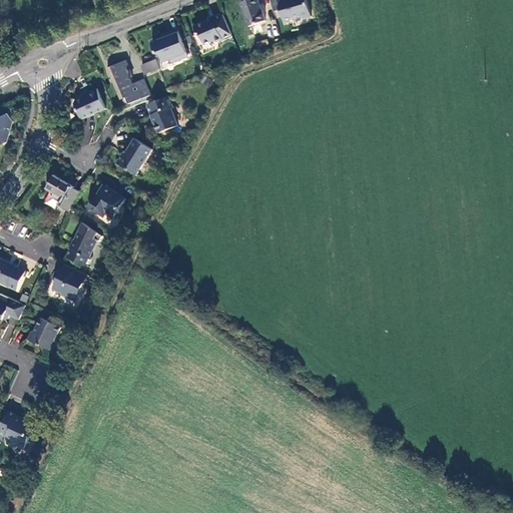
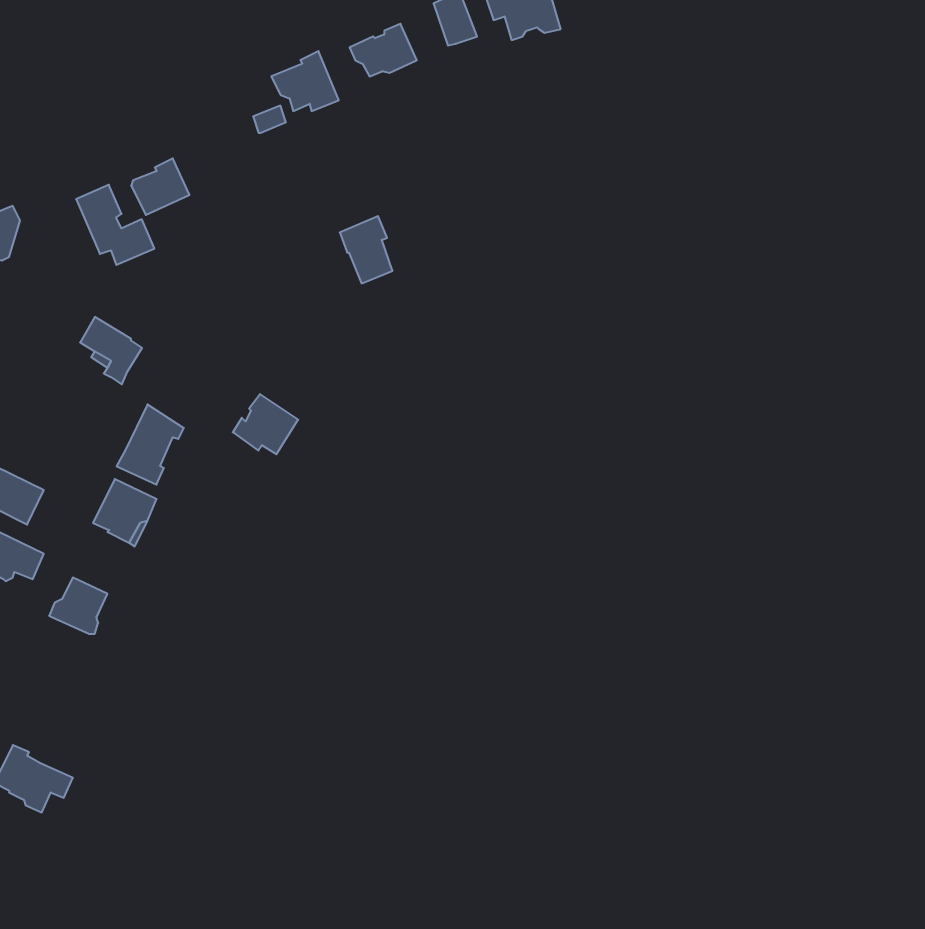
building: [105,59,148,103] -> [76,185,154,265]
building: [145,94,174,131] -> [340,216,393,283]
building: [113,138,150,175] -> none
building: [87,184,123,217] -> [233,394,298,454]

